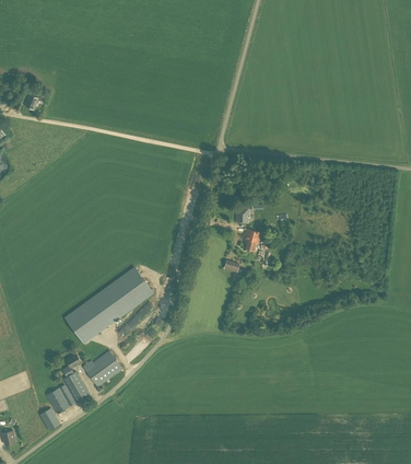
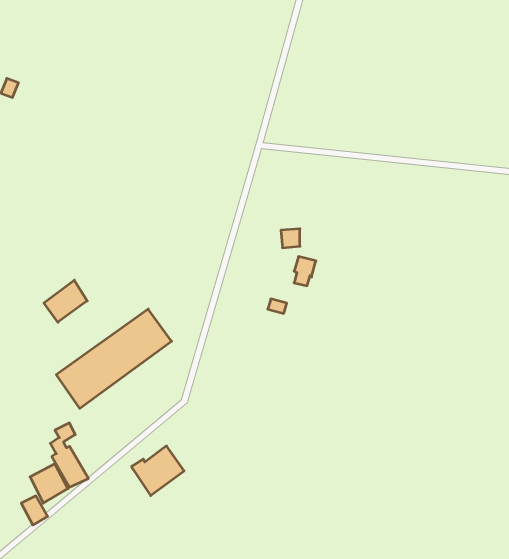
building: none -> [44,280,87,322]
building: [82,350,121,387] -> [132,446,184,496]

